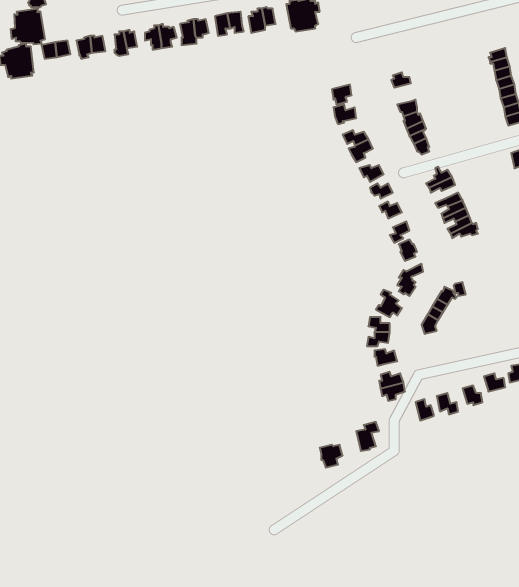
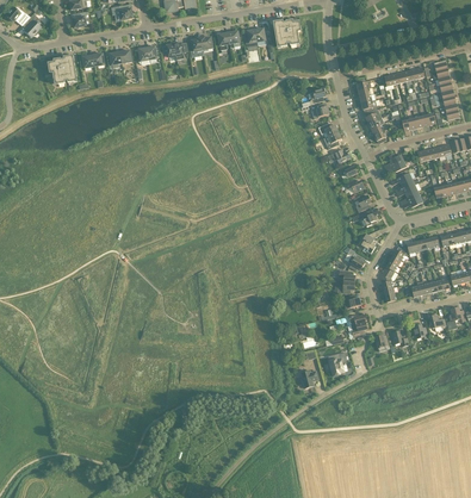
building: [11,9,45,44] -> none

